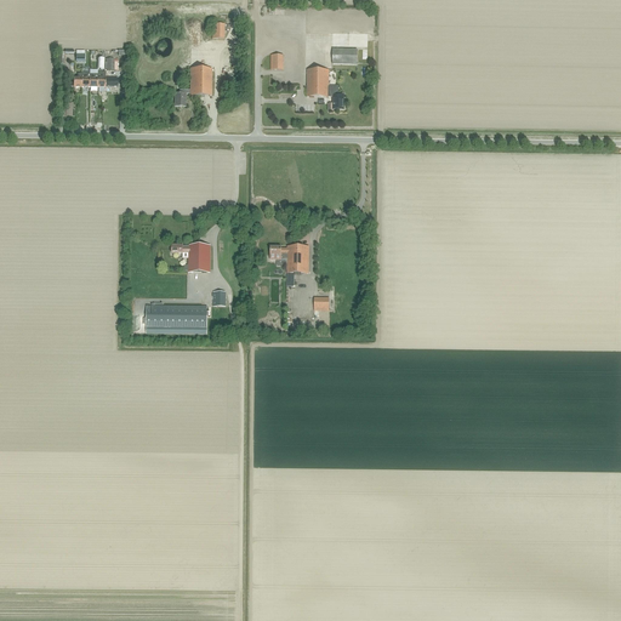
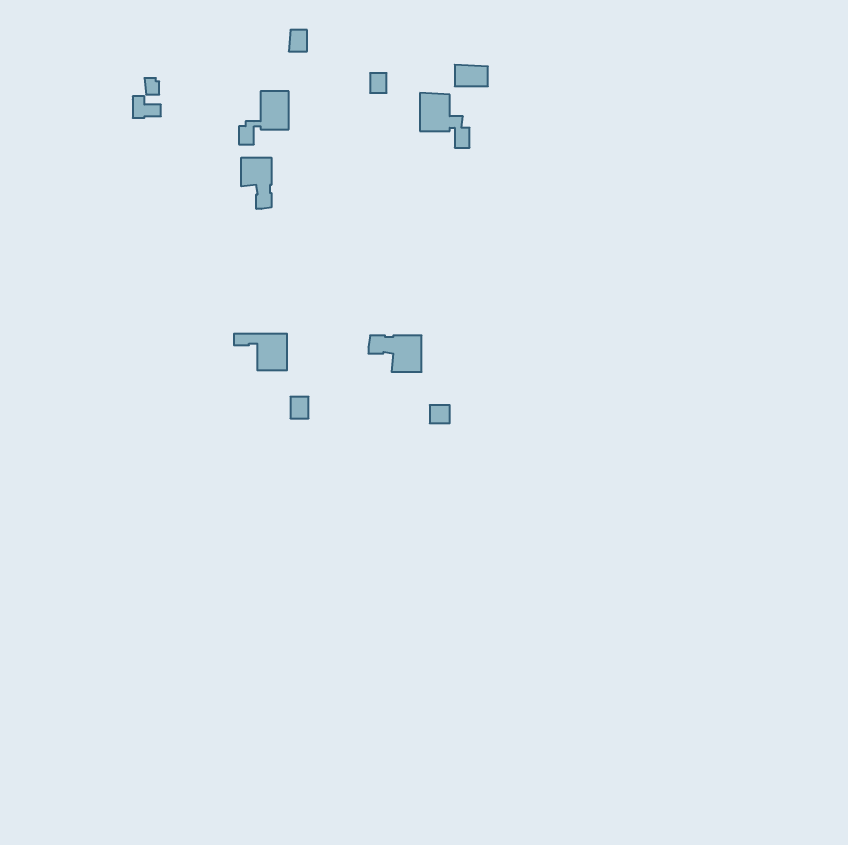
building: none -> [241,158,271,209]
building: [146,304,206,326] -> none

